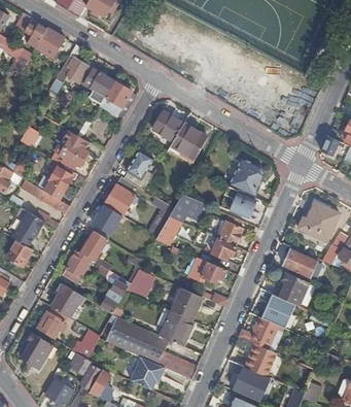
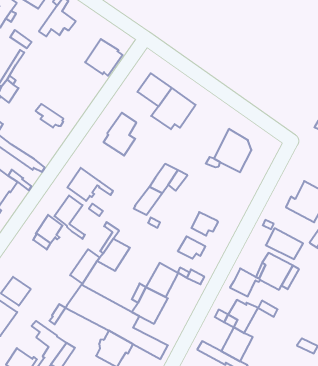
building: [82,68,113,103] -> none
building: [59,130,89,159] -> none
building: [36,161,76,199] -> none
building: [103,176,134,215] -> none
building: [223,195,255,218] -> none
building: [217,215,242,245] -> none
building: [50,283,84,316] -> none

